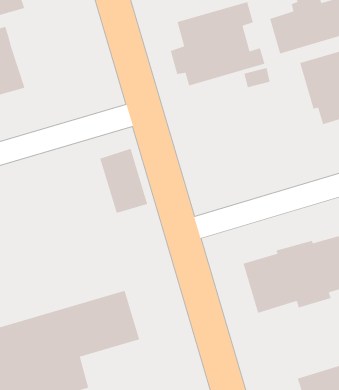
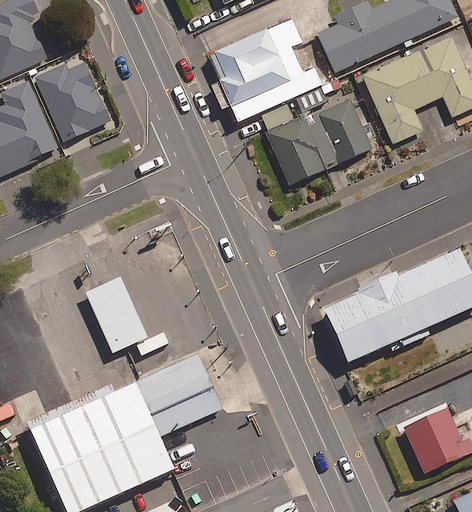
building: none -> [34,62,111,142]
building: none -> [262,99,370,184]
building: [99,148,148,214] -> [85,277,146,352]

